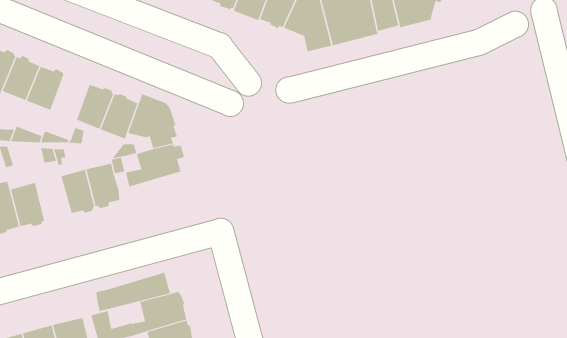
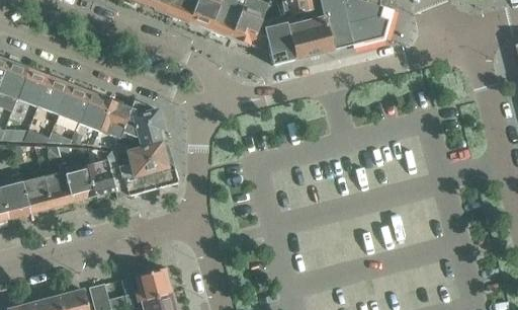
building: none -> [57,84,89,123]
building: none -> [44,170,74,209]
building: [95,272,171,311] -> [114,164,178,198]

